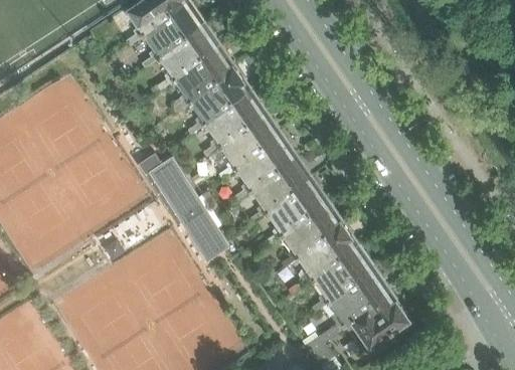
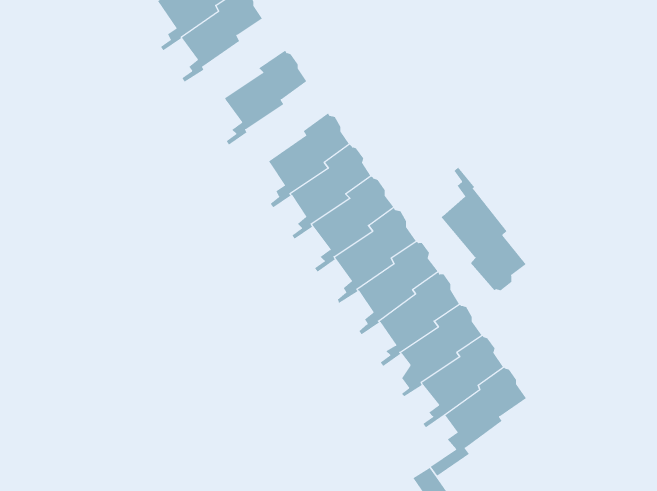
building: [152,21,217,94] -> none
building: [189,65,247,133] -> none
building: none -> [441,167,527,291]
building: [149,156,230,262] -> none
building: [344,289,411,346] -> none

